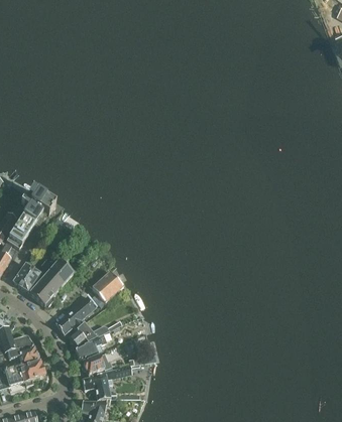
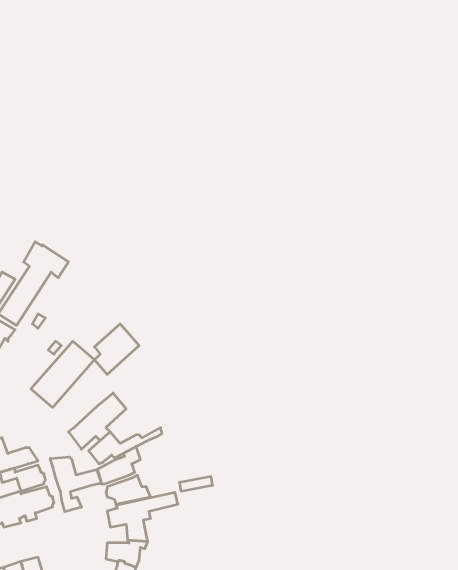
building: [13,263,40,291] -> none
building: [92,271,123,306] -> [94,324,139,374]
building: none -> [50,457,101,512]

